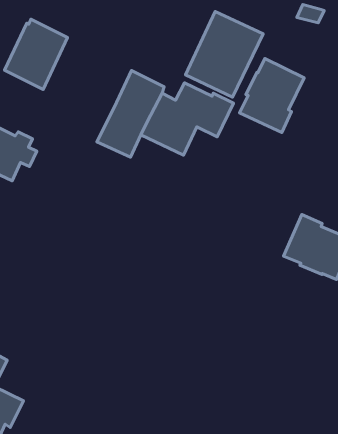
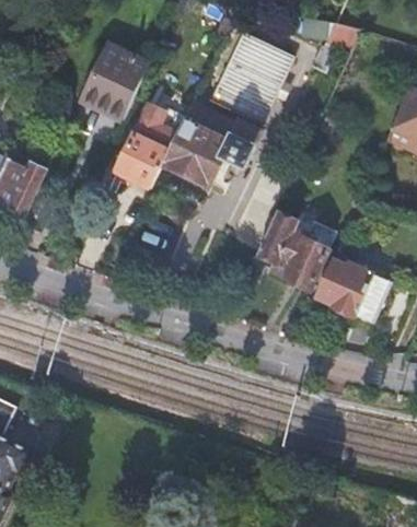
building: [4,19,68,89] -> [81,44,149,119]
building: [239,58,304,133] -> none
building: none -> [256,211,327,290]

